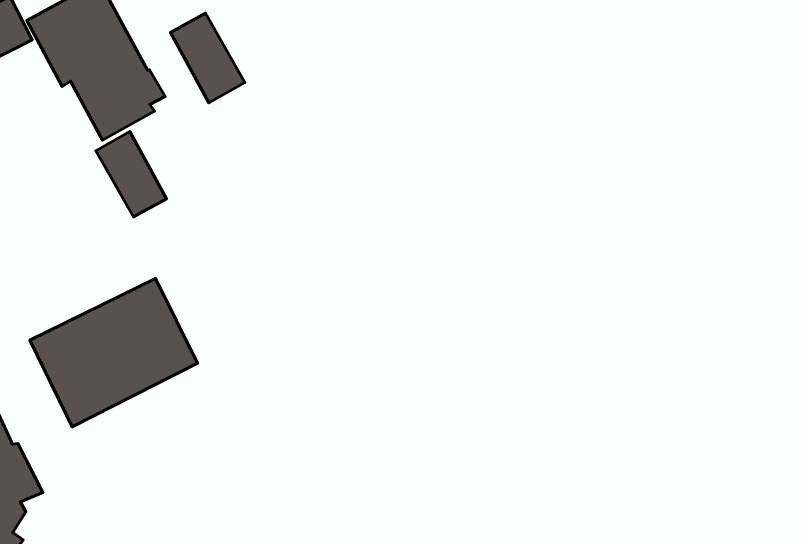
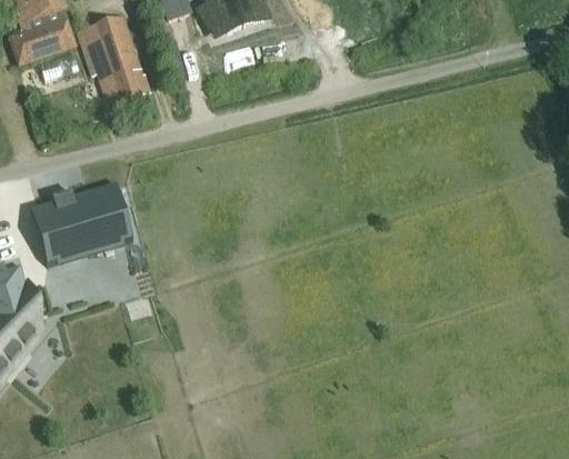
building: [170,13,245,103] -> none
building: [96,131,166,217] -> none

